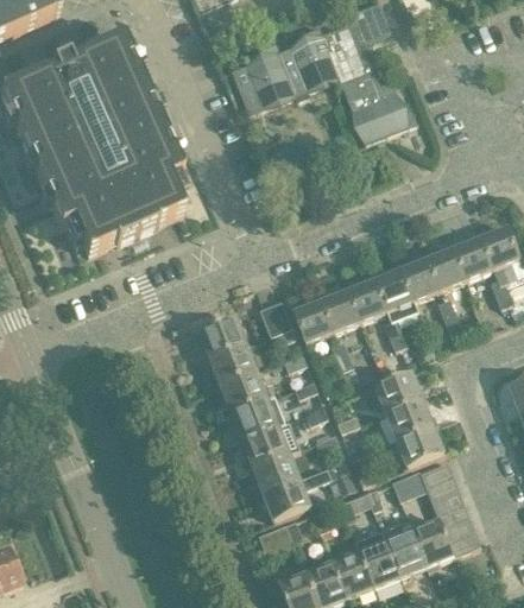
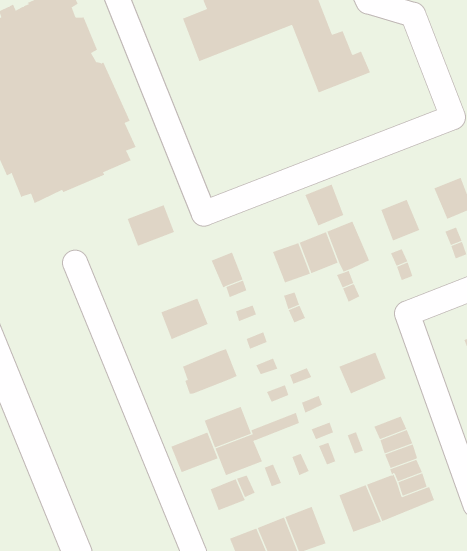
building: [452,238,491,279] -> none
building: [398,259,437,300] -> [305,184,344,226]
building: [291,300,330,343] -> none
building: [197,318,245,360] -> [127,204,175,247]
building: [219,372,266,413] -> none
building: [373,372,421,413] -> none
building: [396,425,443,468] -> none
building: [240,426,288,467] -> [170,432,219,473]
building: [358,540,398,588] -> none

